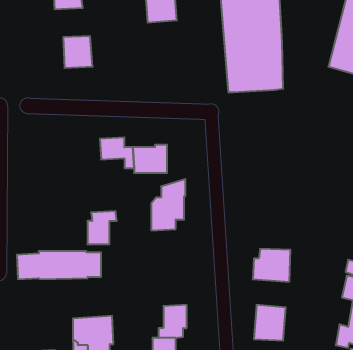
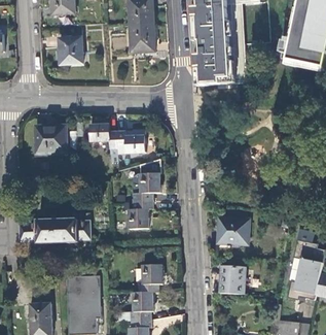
building: none -> [129,24,154,53]
building: none -> [34,124,66,153]
building: [87,211,117,244] -> [129,200,153,228]

